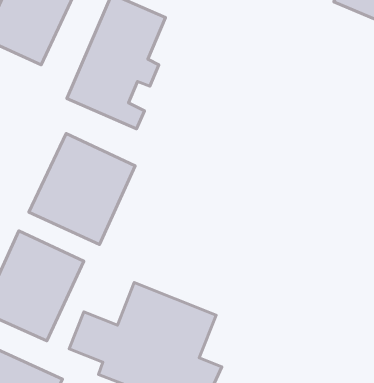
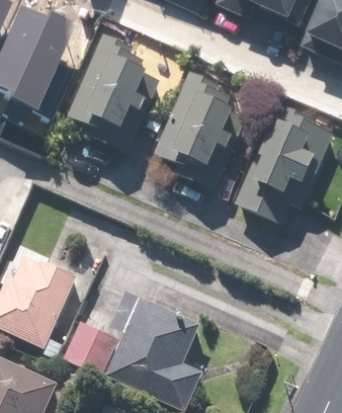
building: none -> [153,69,236,194]
building: none -> [233,104,336,229]
building: [29,133,135,245] -> none

